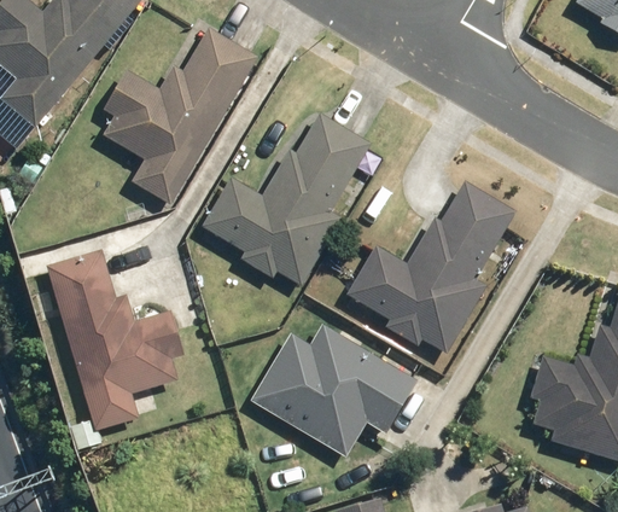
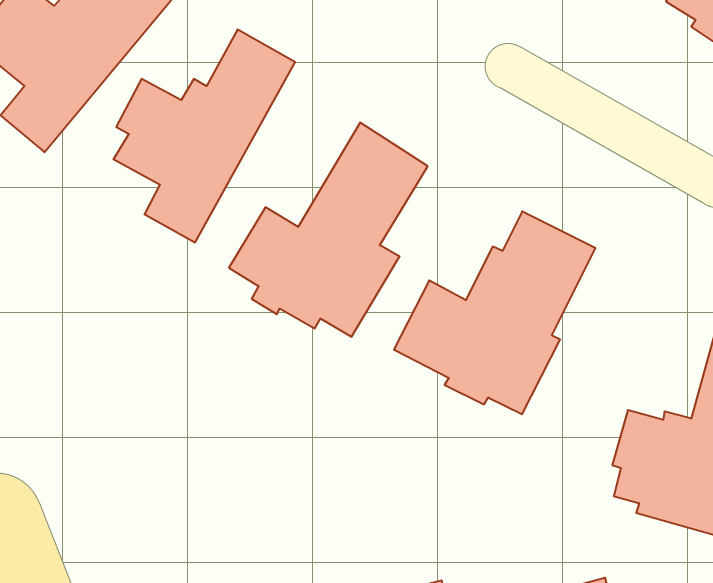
building: [45,246,182,431] -> none
building: [250,321,418,459] -> none

